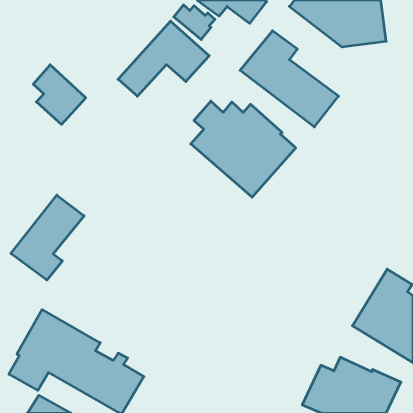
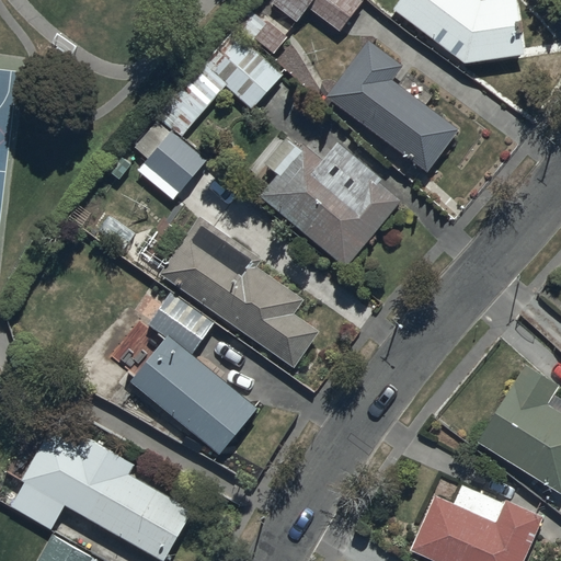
building: [33,65,86,124] -> [134,121,205,202]
building: none -> [159,217,318,365]
building: [11,195,84,280] -> none
building: none -> [130,293,259,453]

